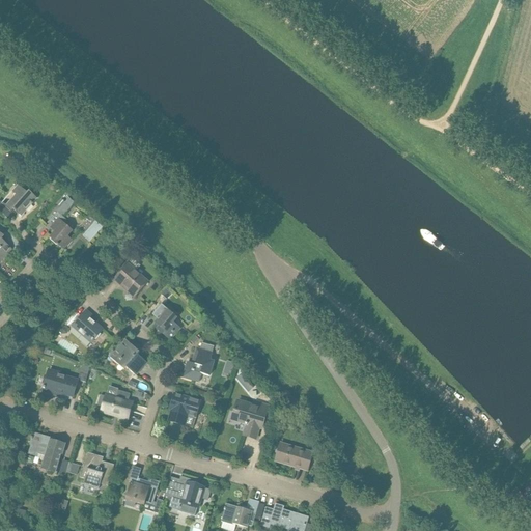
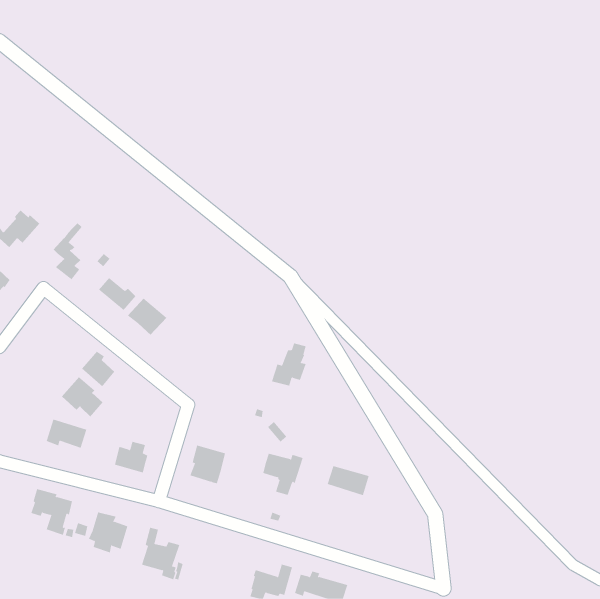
building: none -> [98,277,136,311]
building: [151,302,179,338] -> none
building: [109,338,146,374] -> [61,376,103,418]
building: [181,341,213,380] -> [271,343,306,386]
building: [275,441,312,468] -> [327,465,369,496]
building: [163,474,211,514] -> none

